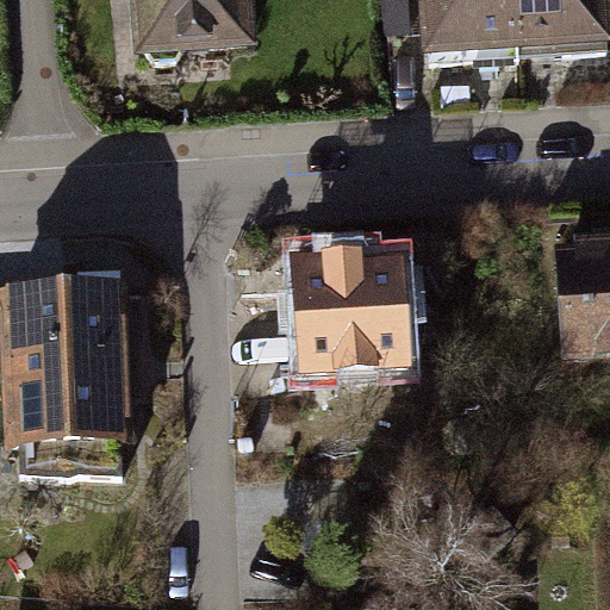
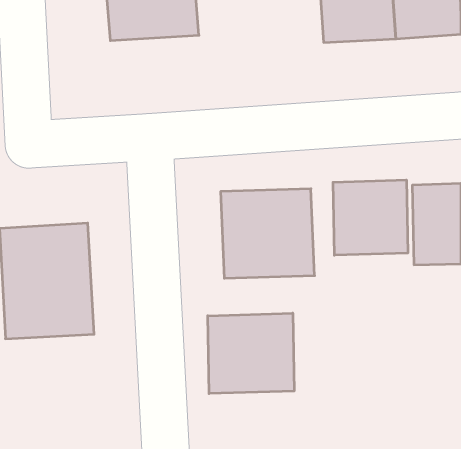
building: none -> [333,180,408,255]
building: none -> [208,313,294,394]

